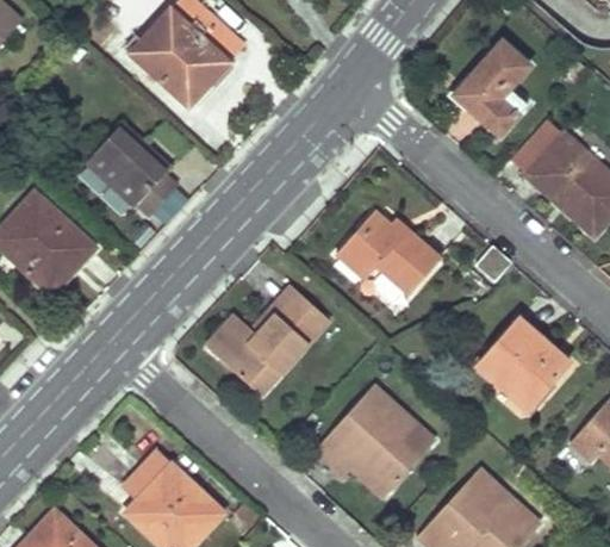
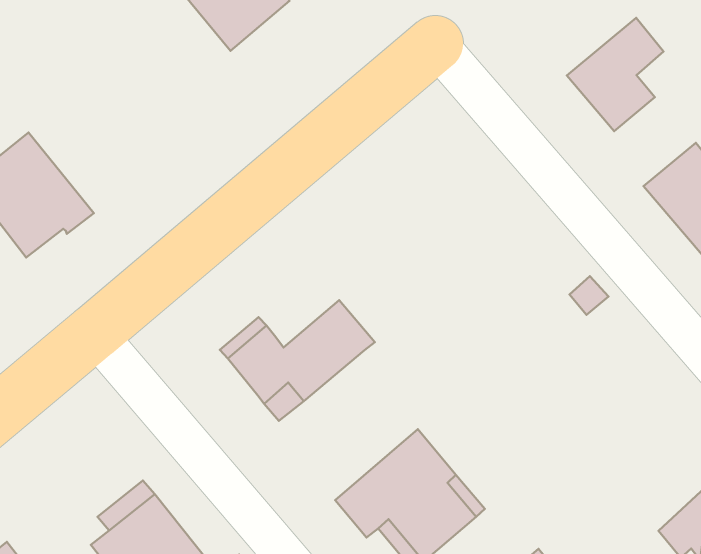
building: [86,126,175,216] -> none
building: [337,210,440,294] -> none
building: [480,318,568,403] -> none

